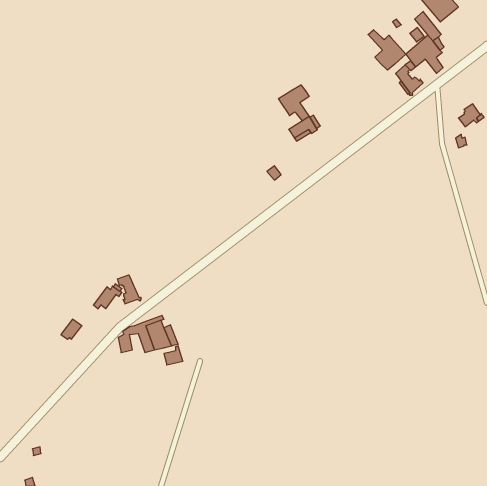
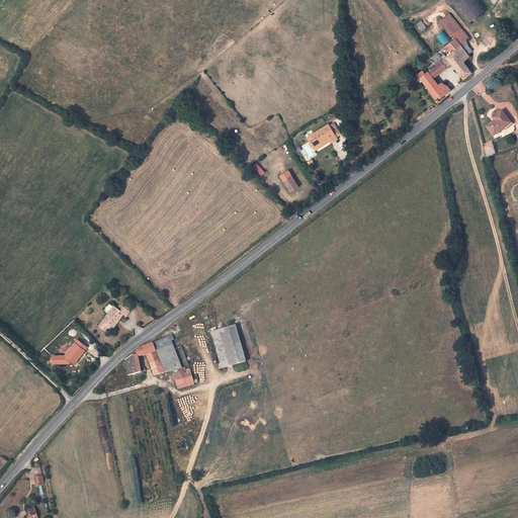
building: [368,30,406,70] -> none
building: [279,85,309,121] -> none
building: [117,275,141,304] -> none
building: none -> [211,325,246,367]

